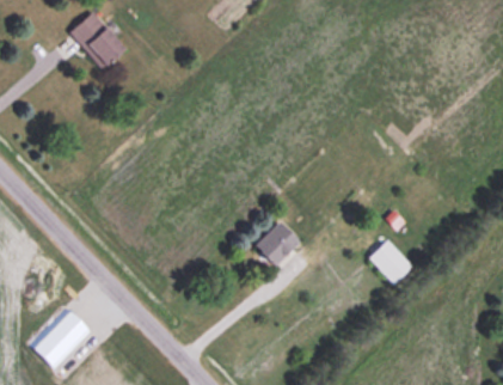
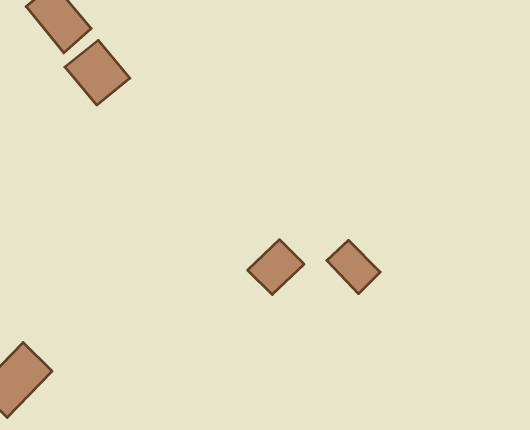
building: none -> [65,40,130,105]
building: [369,240,413,285] -> [327,240,380,294]

